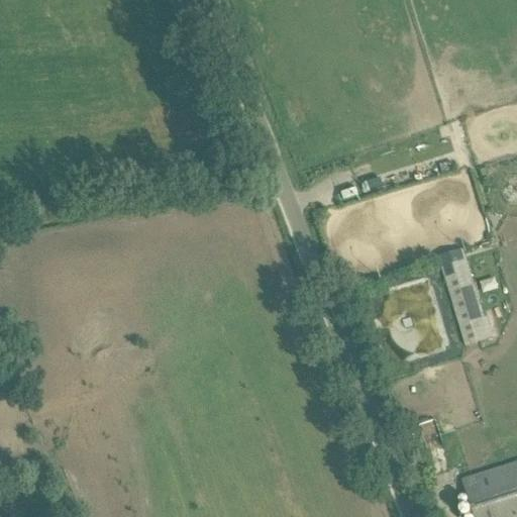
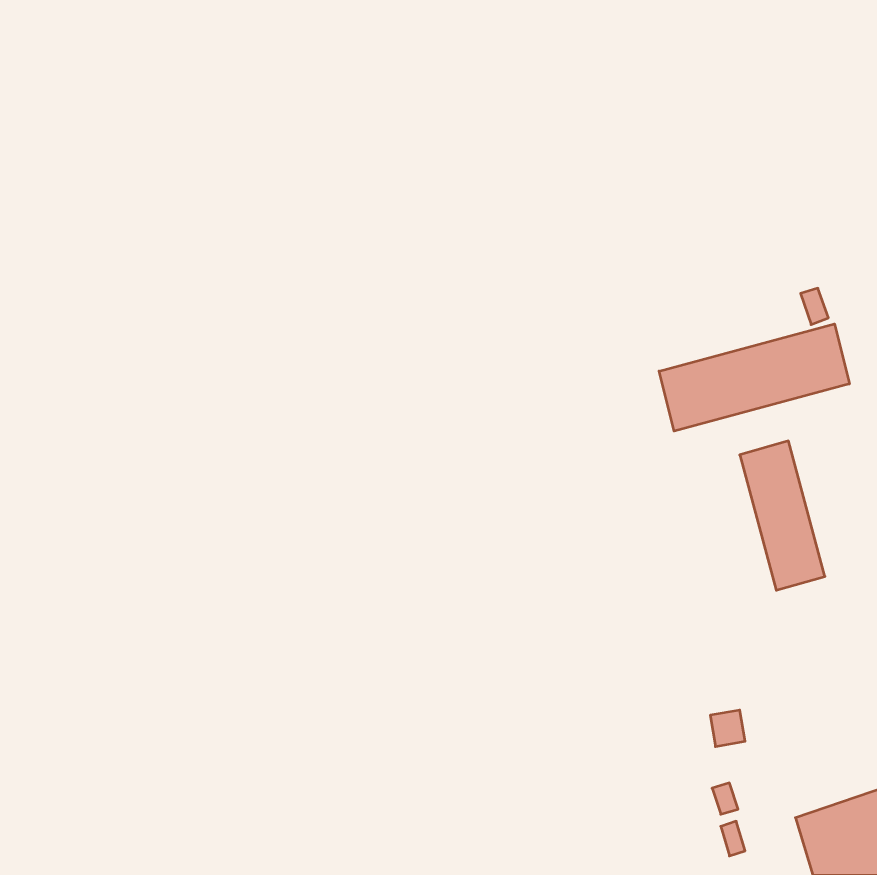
building: none -> [659,324,849,431]

